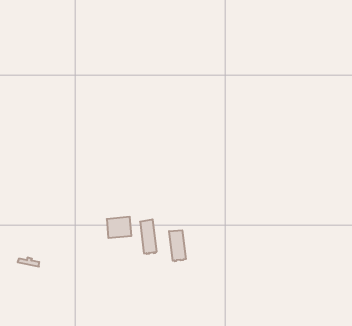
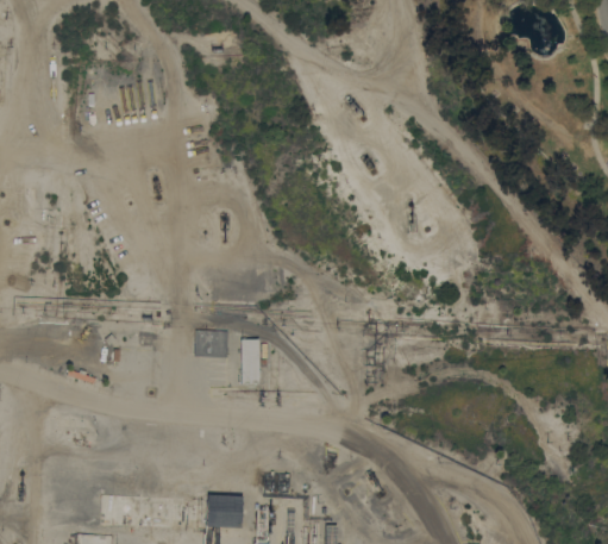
building: [169,230,186,261] -> none

